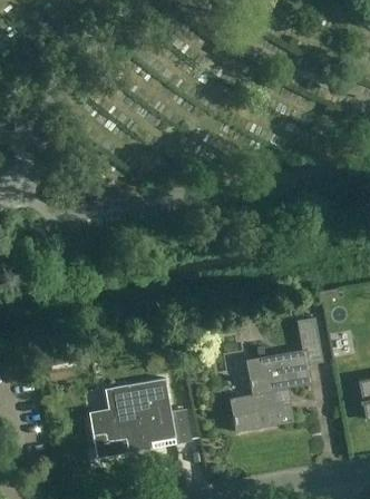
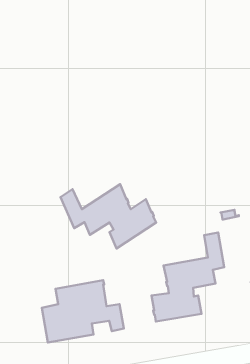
building: none -> [61,184,156,249]

